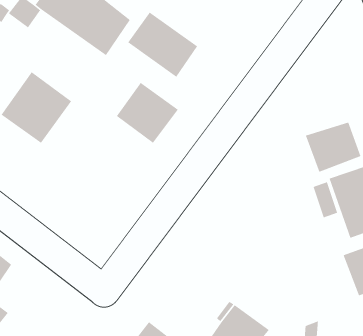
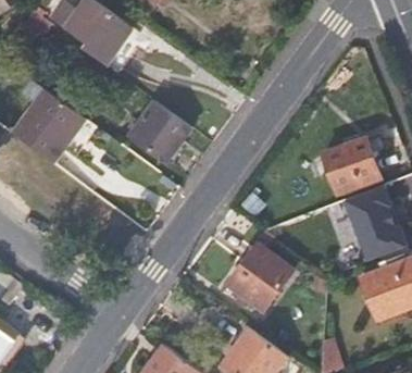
building: [127,12,198,78] -> none
building: none -> [224,241,294,313]

